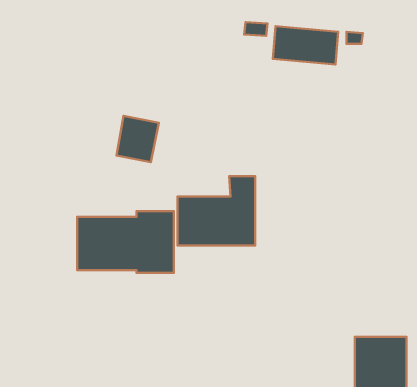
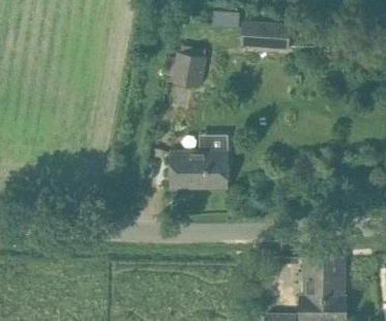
building: [117,116,159,162] -> [173,52,205,87]
building: [77,211,174,273] -> none

